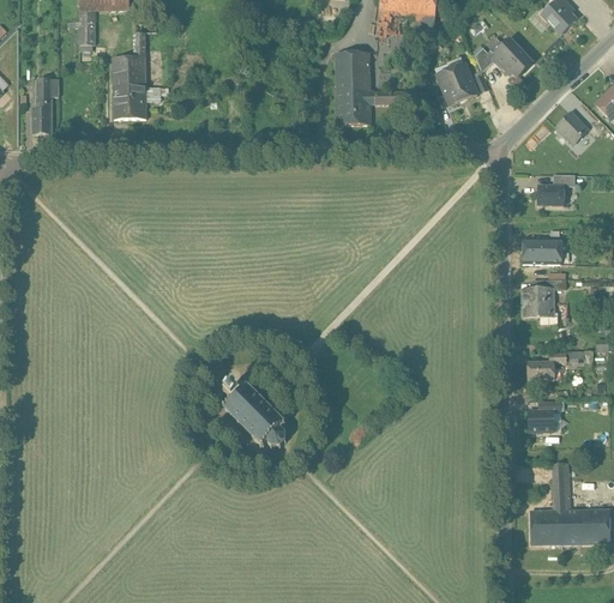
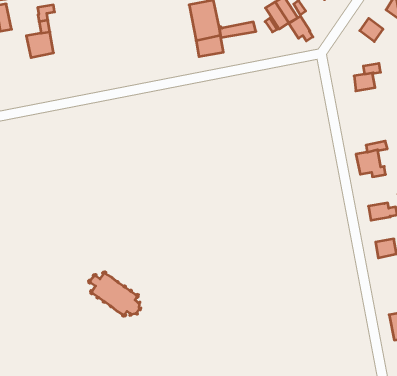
building: [114,84,146,116] -> none
building: none -> [289,16,313,41]
building: [523,237,561,263] -> none
building: [223,382,287,446] -> [88,272,141,316]

